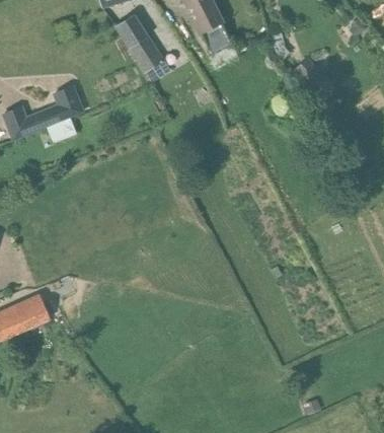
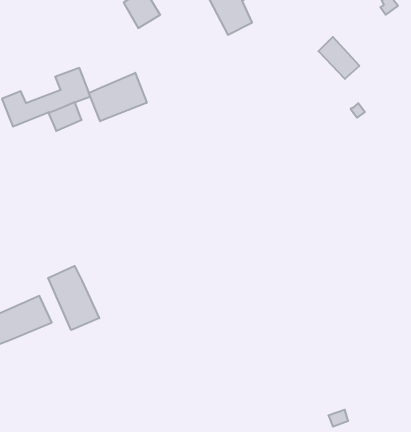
building: [130,40,163,73] -> none
building: none -> [89,73,147,121]
building: none -> [48,266,99,330]

